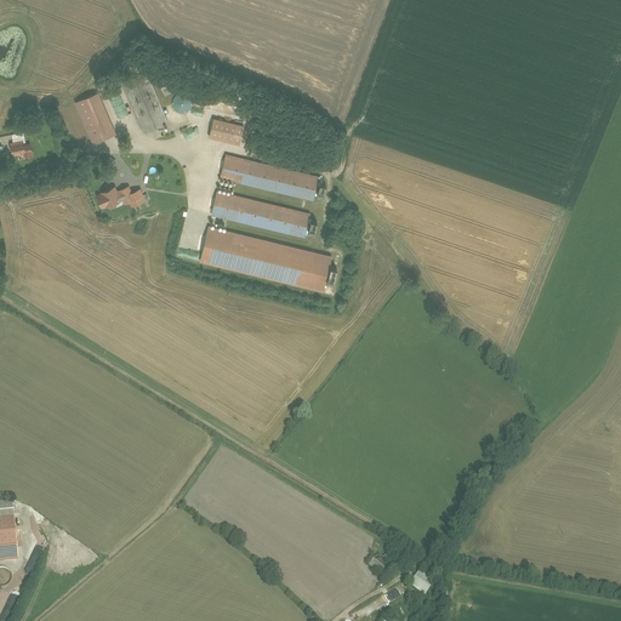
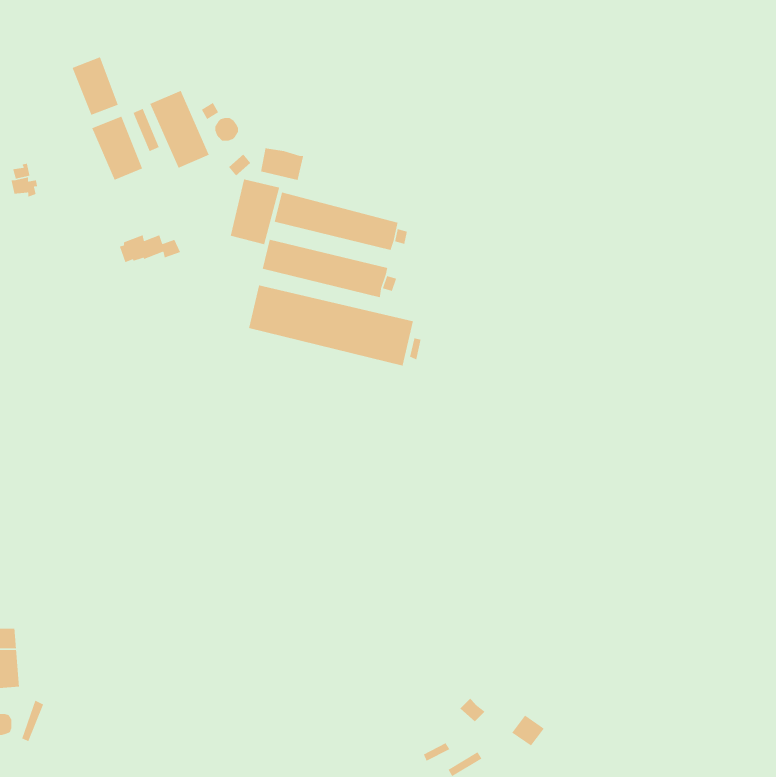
building: none -> [71,56,119,116]
building: none -> [230,178,280,245]

